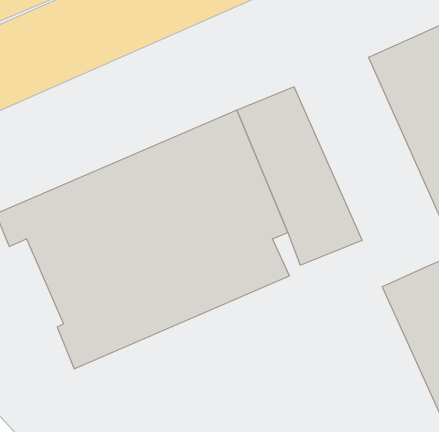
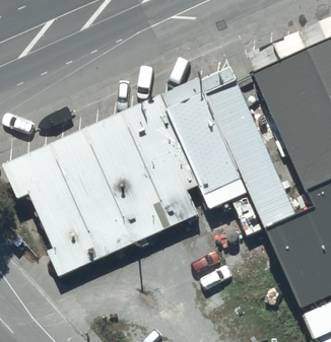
building: none -> [203,78,292,222]

